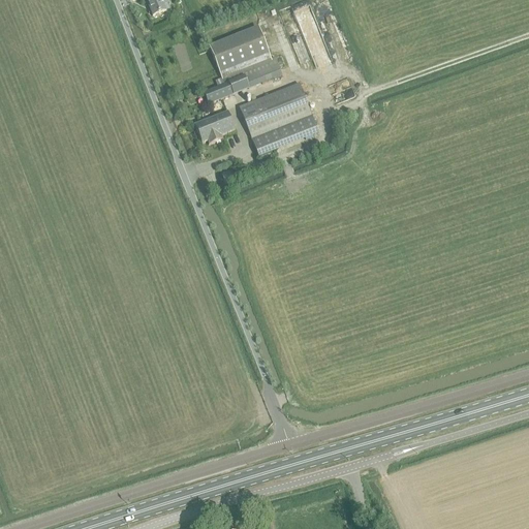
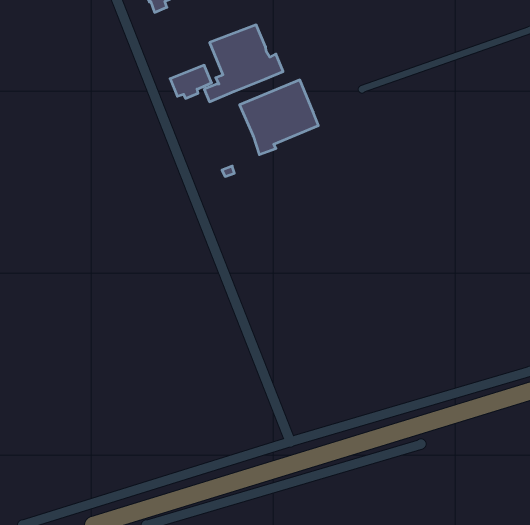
building: [194,108,236,142] -> [170,65,212,98]

